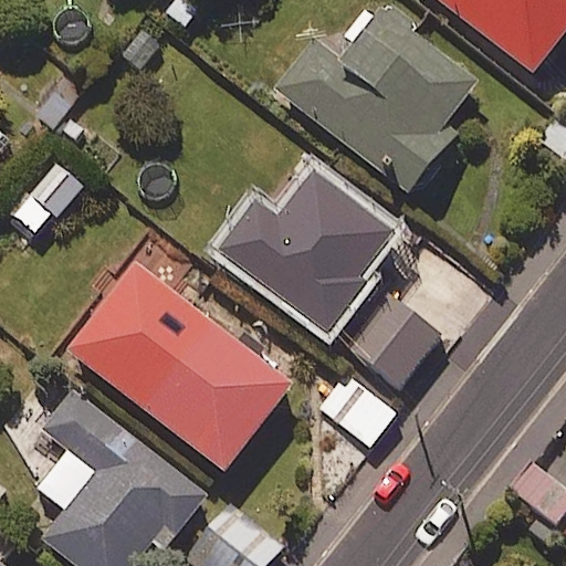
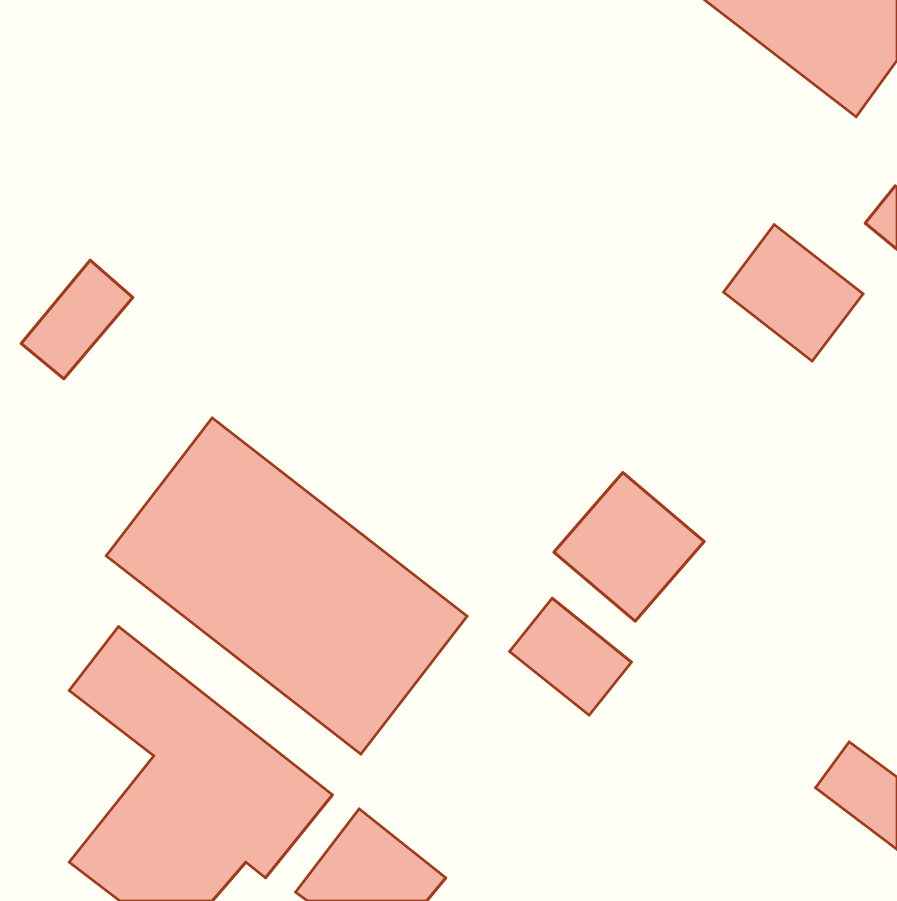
building: [275,9,479,192] -> none
building: none -> [723,225,863,361]
building: [222,171,394,332] -> none

